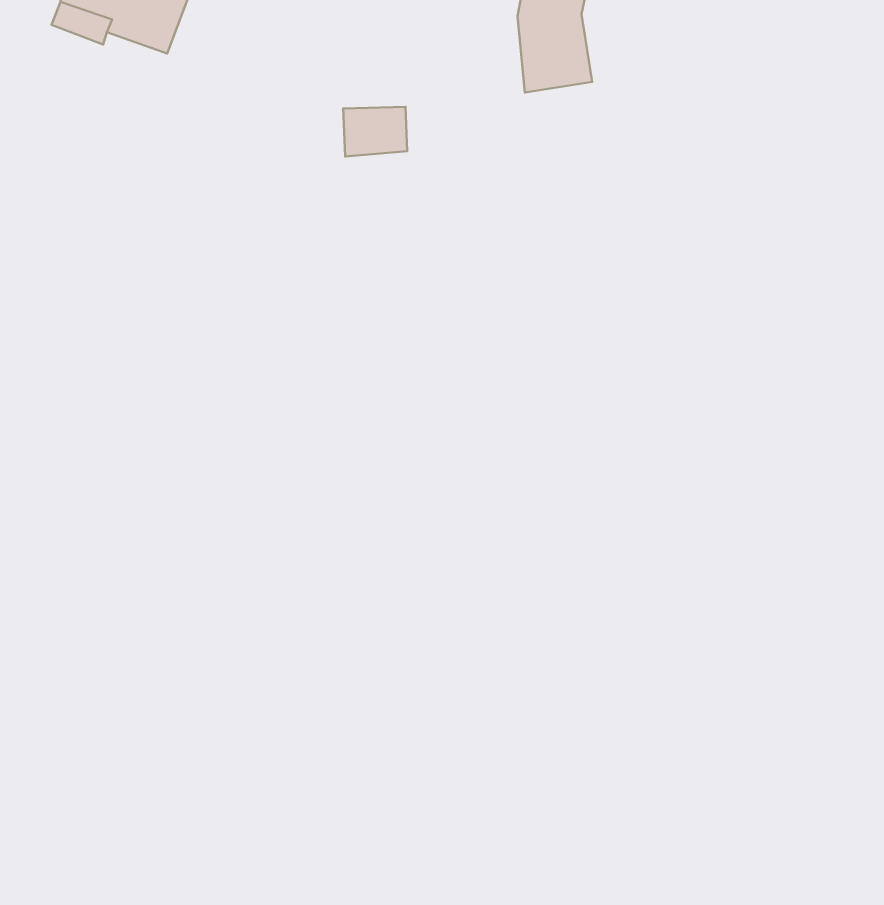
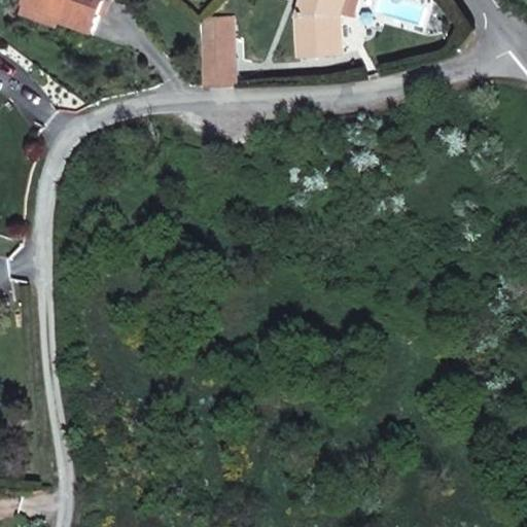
building: none -> [199,20,235,63]

